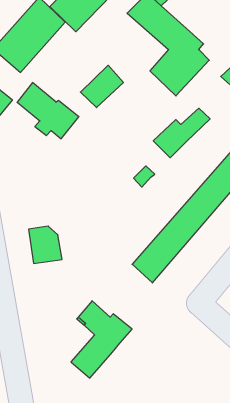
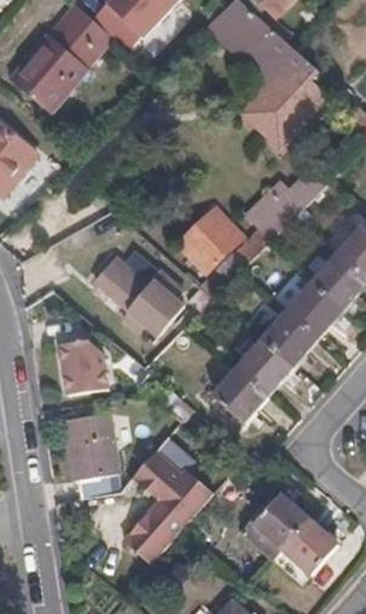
building: [80,65,123,108] -> [174,205,238,267]
building: [17,83,79,139] -> [92,254,184,337]
building: none -> [64,413,119,496]
building: none -> [253,493,337,573]

